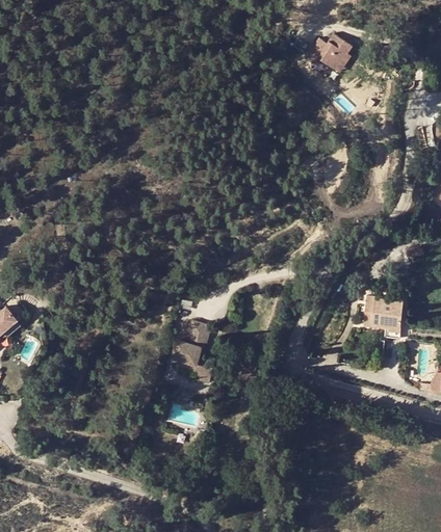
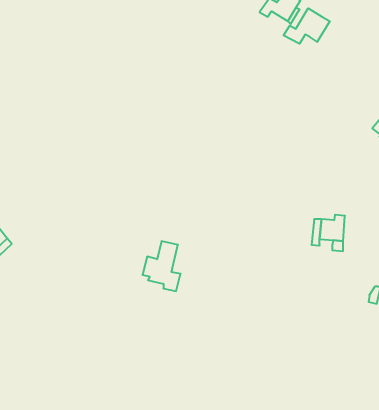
building: none -> [284,8,330,44]

